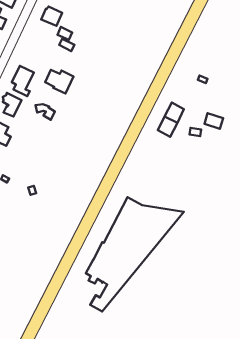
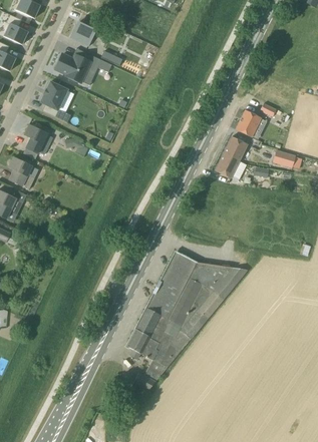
building: [45,70,74,93] -> [55,53,90,82]
building: none -> [235,109,267,139]

